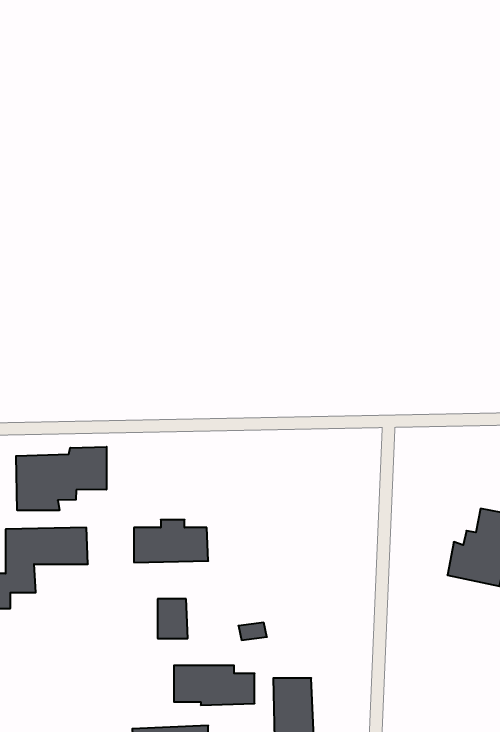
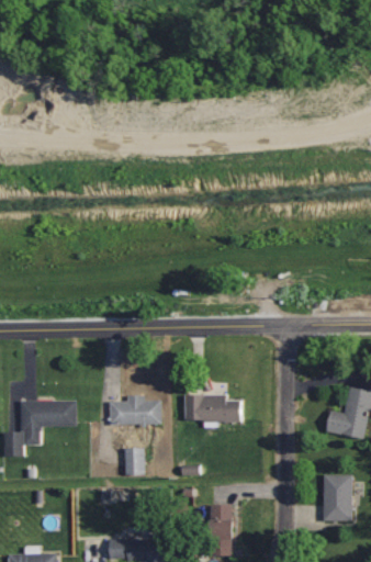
building: [16,447,107,510] -> none
building: none -> [323,473,352,520]
building: [174,665,255,705] -> [184,394,240,422]

